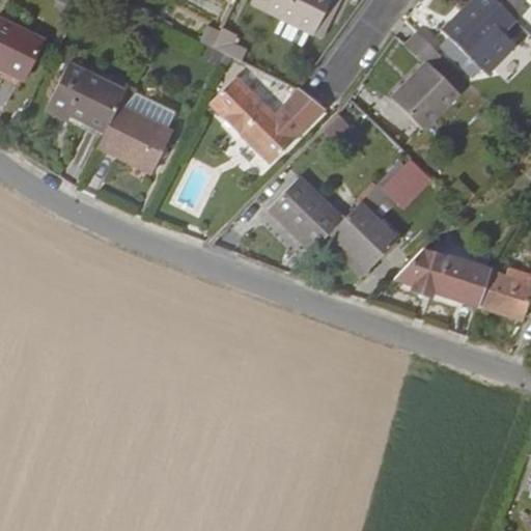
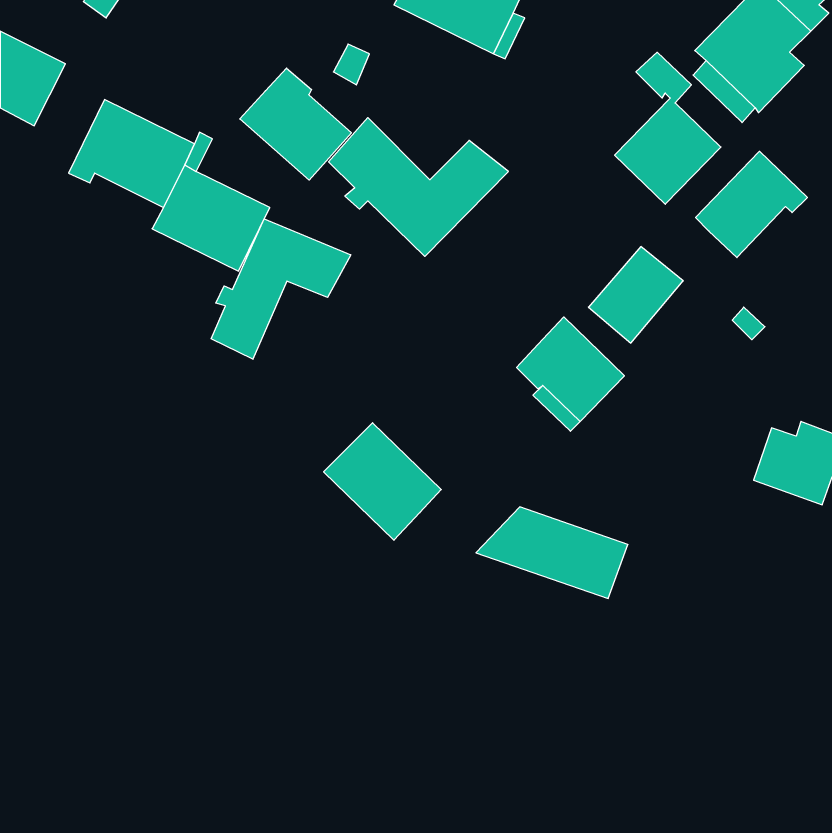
building: none -> [240,68,351,180]
building: none -> [696,151,807,258]
building: none -> [211,219,351,359]
building: [269,176,343,251] -> [324,423,441,540]
building: [395,248,492,306] -> [476,507,628,598]

